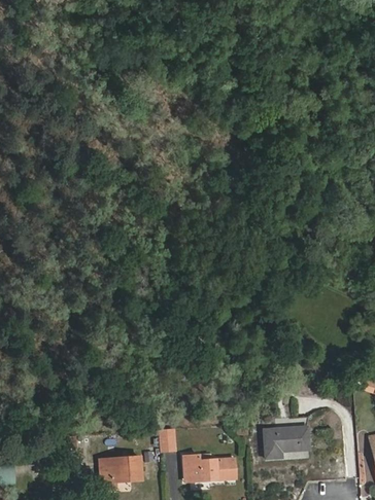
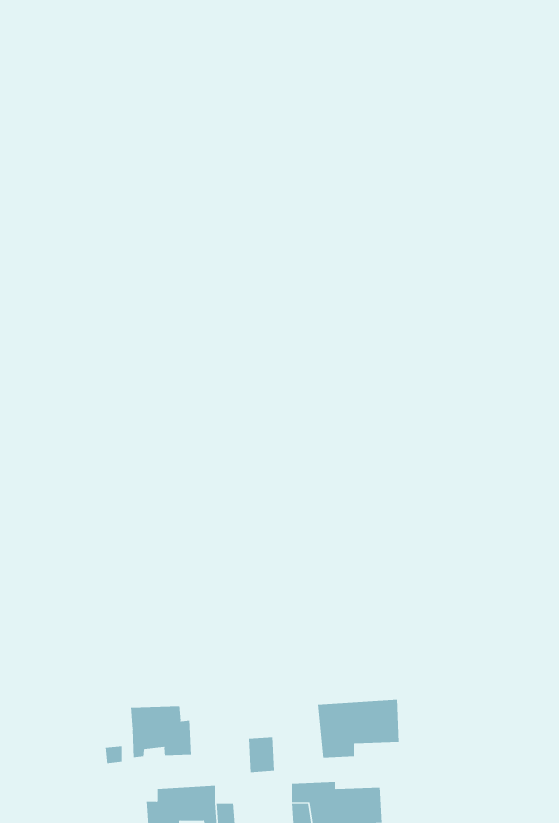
building: none -> [130,705,192,758]
building: [262,426,309,460] -> [317,699,399,758]

